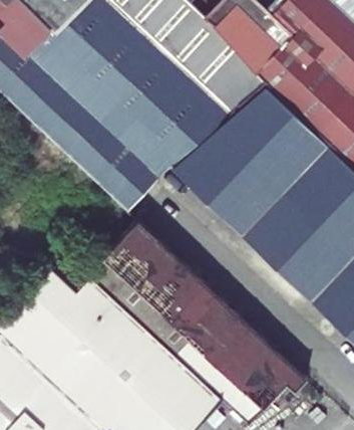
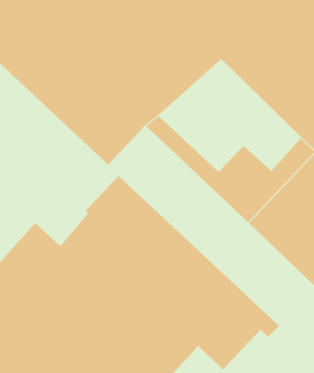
building: [179,99,327,216] -> none

